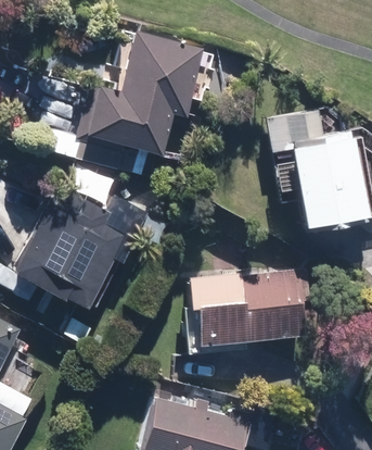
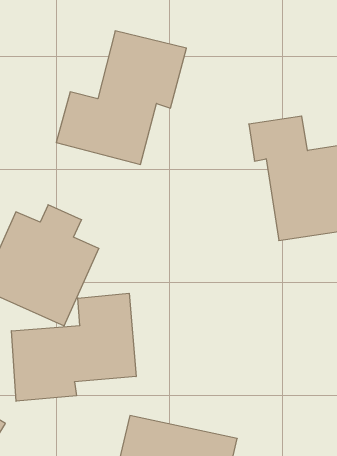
building: [181,266,326,350] -> none
building: none -> [11,293,136,401]

